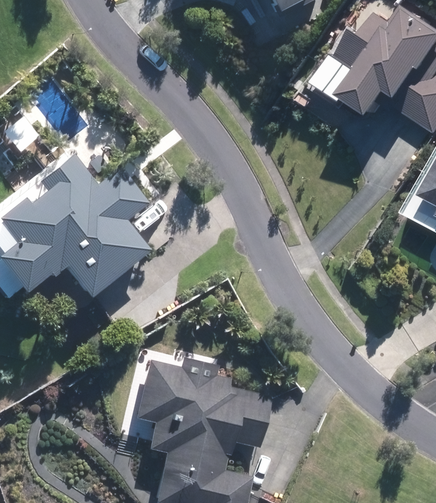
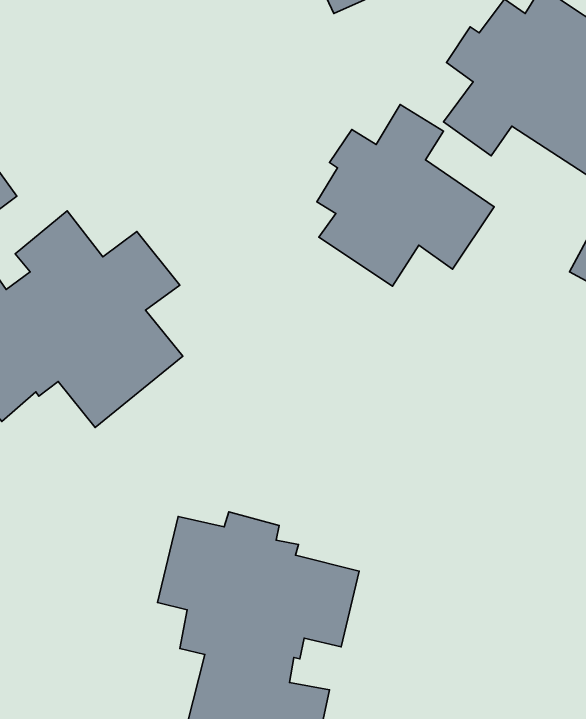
building: none -> [317,105,494,286]

